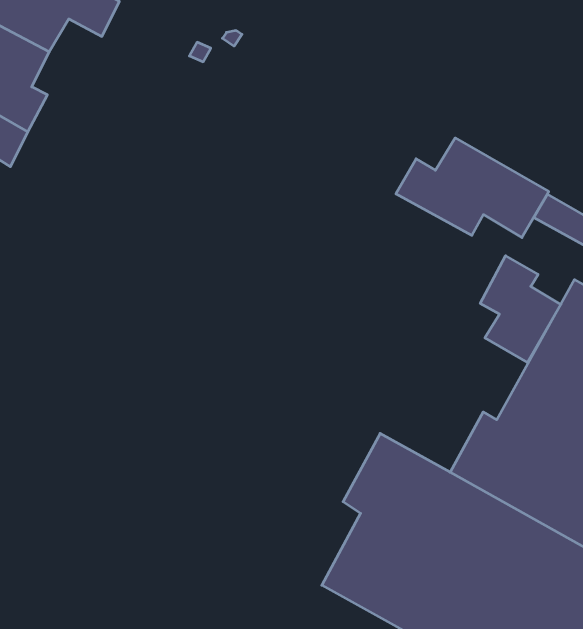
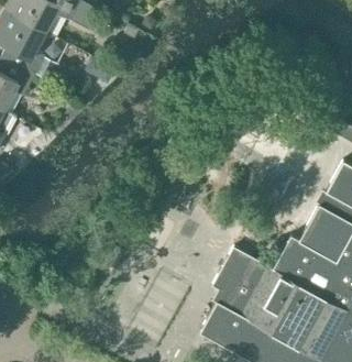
building: [396,138,549,238] -> none
building: [480,256,561,363] -> none

